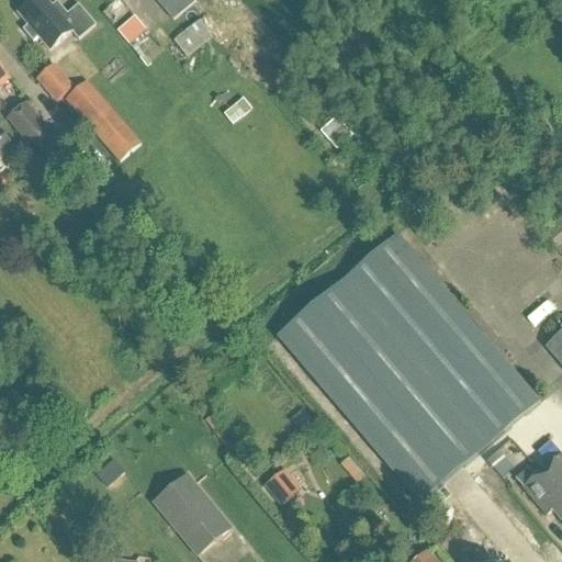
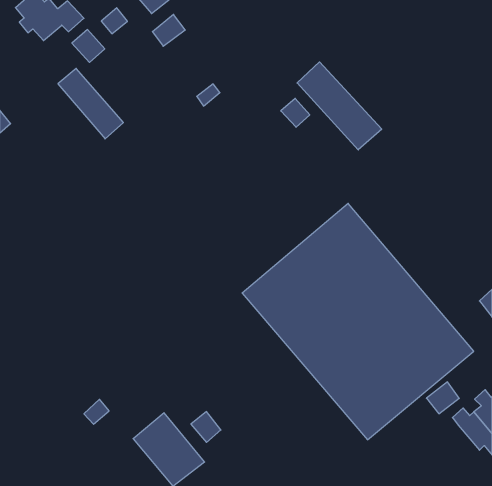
building: [36,60,74,98] -> [72,30,105,62]
building: none -> [297,62,382,150]
building: [5,98,52,146] -> none
building: [265,467,299,502] -> [191,412,221,442]

